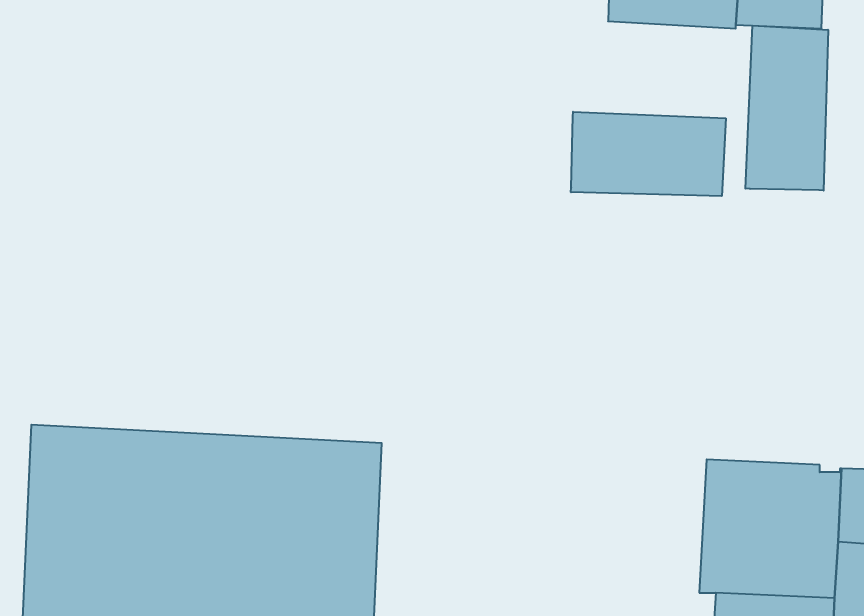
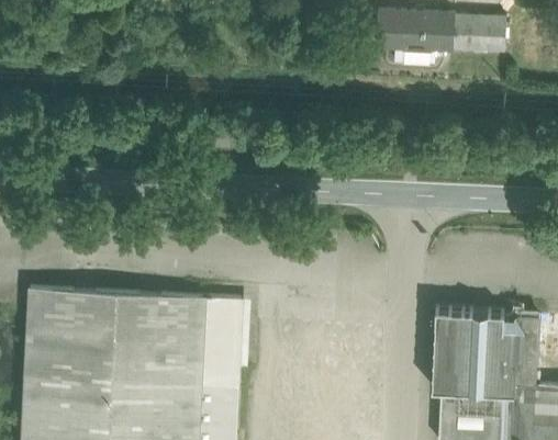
building: [745,26,828,191] -> none
building: [571,112,726,196] -> none

